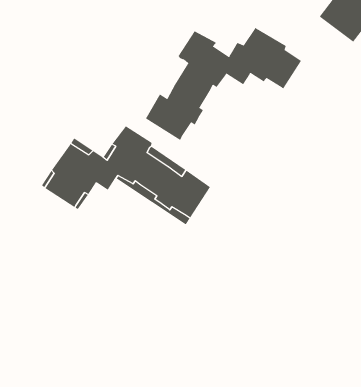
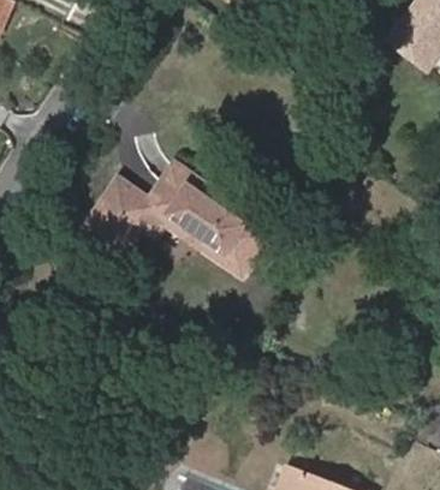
building: [145,27,302,141] -> none

